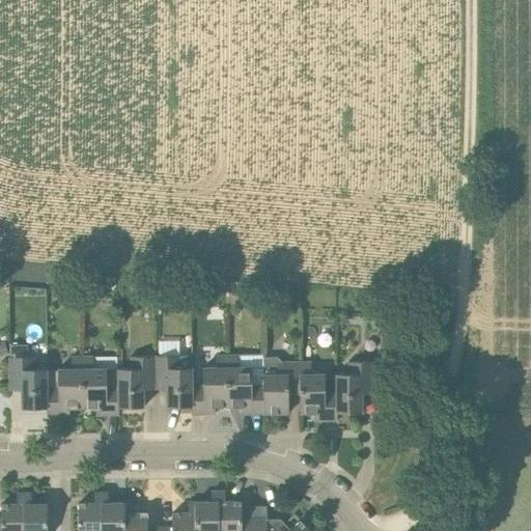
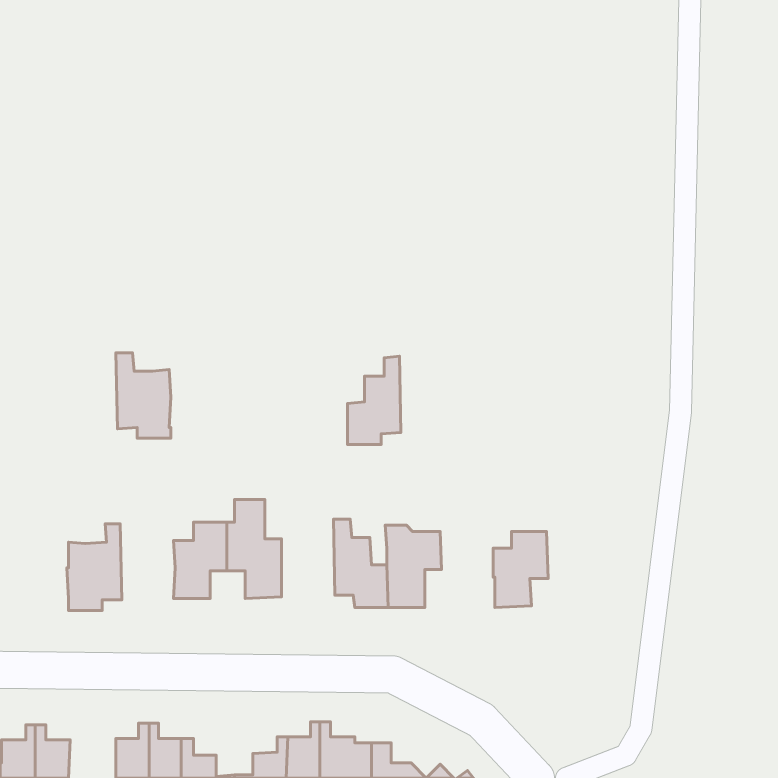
building: [9,345,47,409] -> none
building: [192,354,228,414] -> [348,356,401,445]
building: [82,357,119,415] -> [116,353,171,438]
building: [300,362,337,421] -> none

